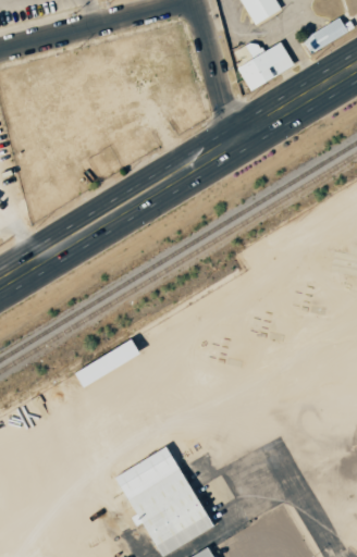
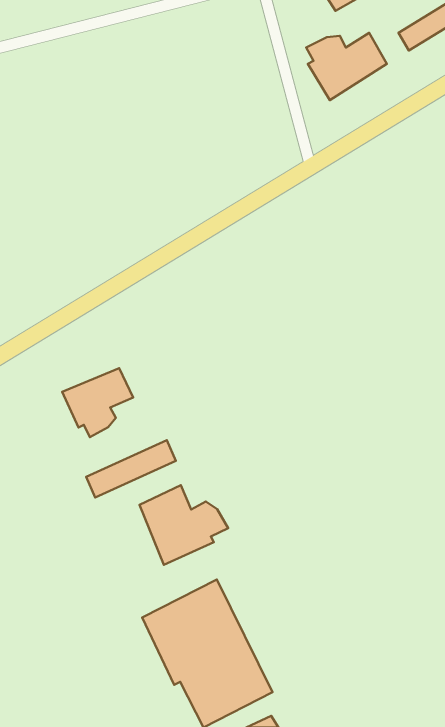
building: none -> [62,368,133,437]
building: none -> [139,485,228,565]

